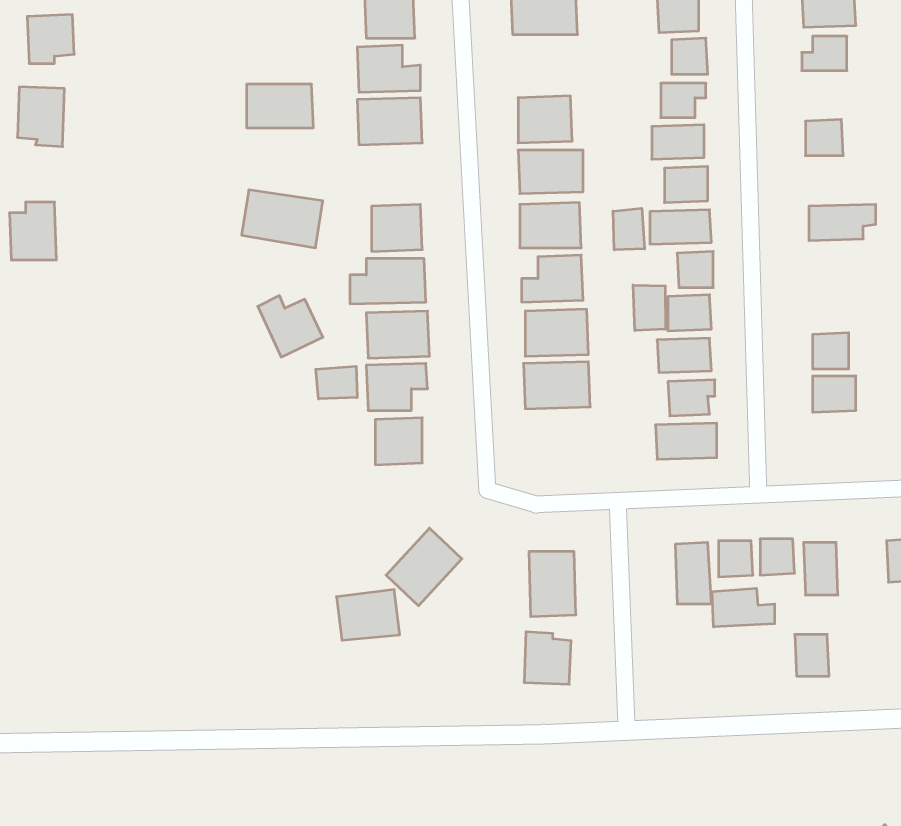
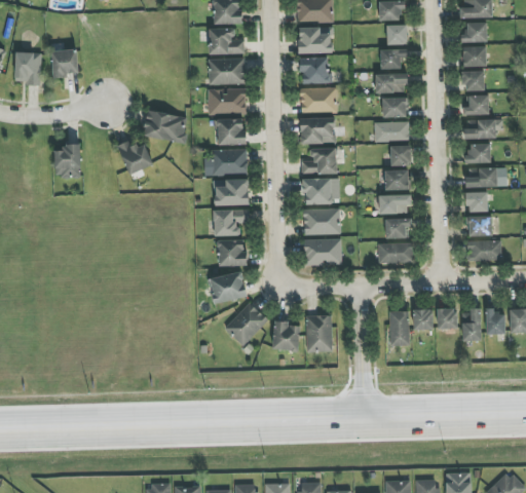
building: [27,15,74,63] -> [51,49,78,77]
building: none -> [298,27,333,53]
building: none -> [462,46,486,66]
building: [247,84,313,128] -> [208,88,246,113]
building: none -> [463,94,488,115]
building: [9,202,56,260] -> [53,144,80,177]
building: [613,208,645,250] -> none
building: none -> [465,143,490,162]
building: [633,285,665,331] -> none
building: none -> [465,167,506,187]
building: [258,296,323,357] -> [116,140,153,175]
building: [316,366,357,399] -> none
building: none -> [303,238,341,265]
building: none -> [465,240,500,260]
building: [712,588,775,627] -> none
building: [336,590,400,640] -> [210,272,246,301]
building: [524,632,571,684] -> [272,320,299,350]
building: [795,634,829,676] -> [485,310,504,334]

